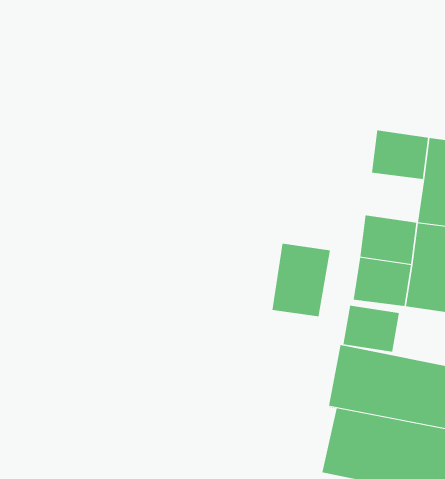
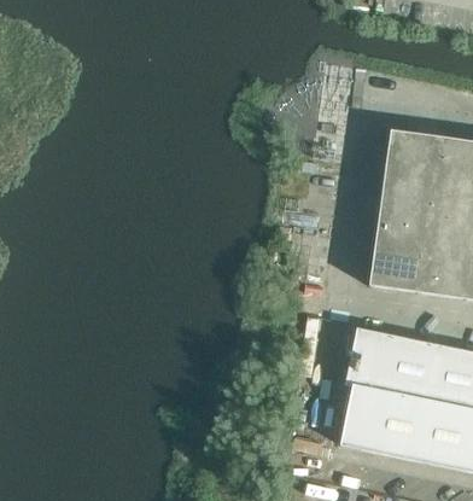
building: none -> [380,169,434,215]
building: [272,243,330,317] -> none
building: [343,305,399,352] -> none

